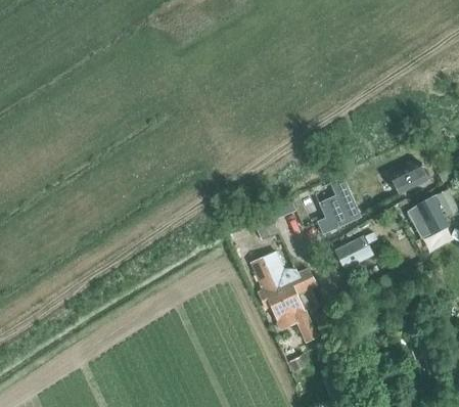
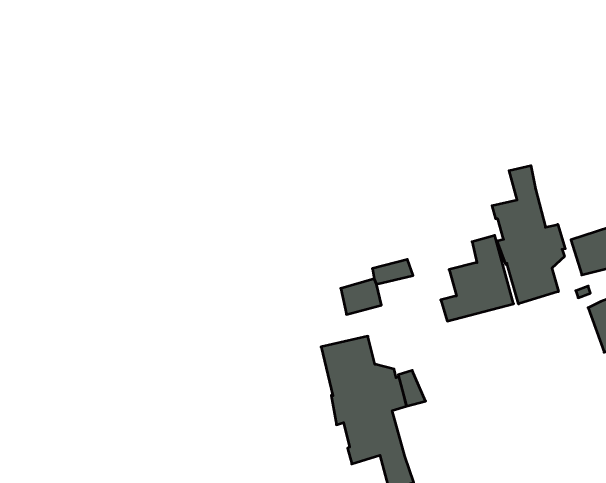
building: none -> [492,166,565,304]
building: [333,235,373,270] -> none

